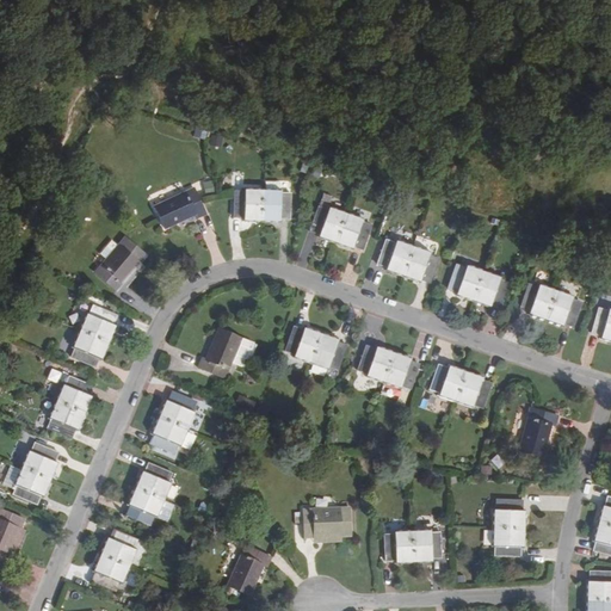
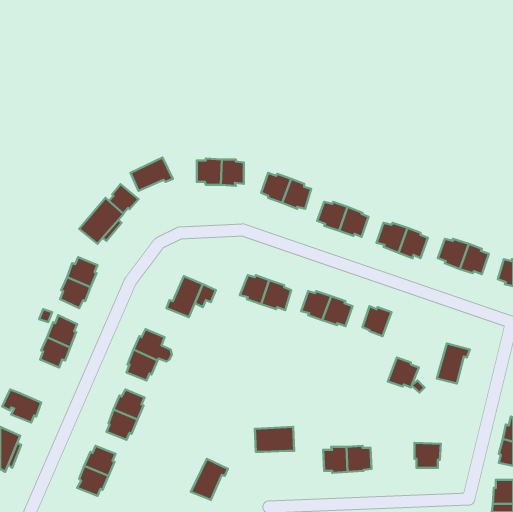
building: none -> [109,184,139,214]
building: [455,371,492,407] -> [388,357,419,388]
building: [21,442,58,479] -> none
building: [493,500,524,527] -> none

